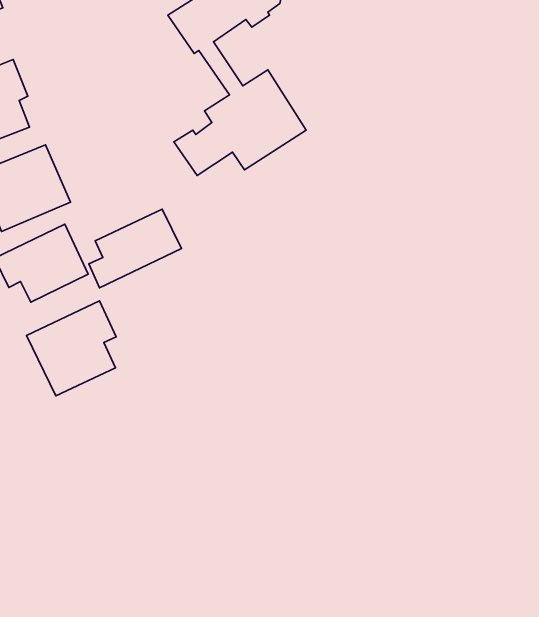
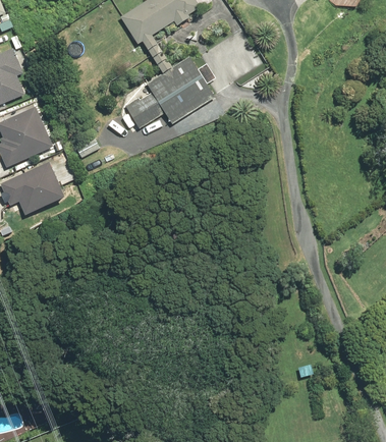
building: [89,209,182,288] -> none
building: [27,301,116,396] -> none

